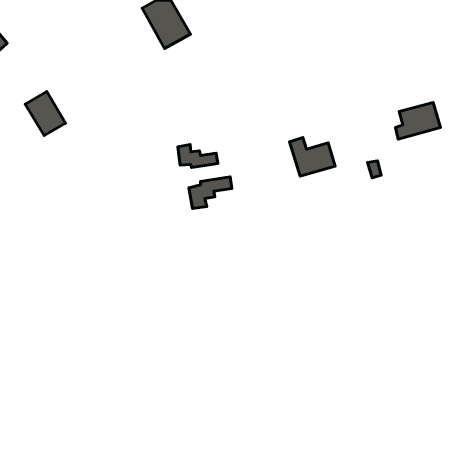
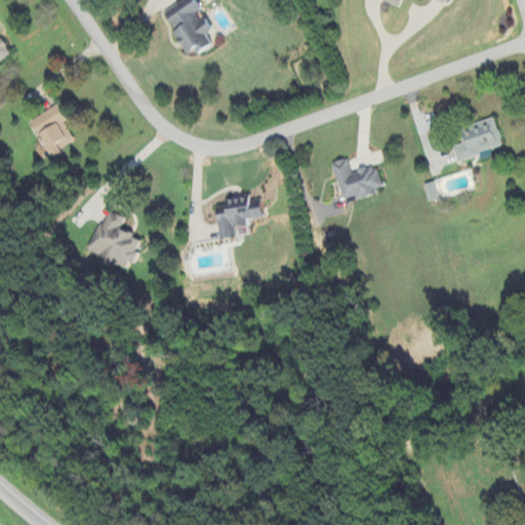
building: [178,144,218,168] -> none
building: none -> [87,209,138,267]

